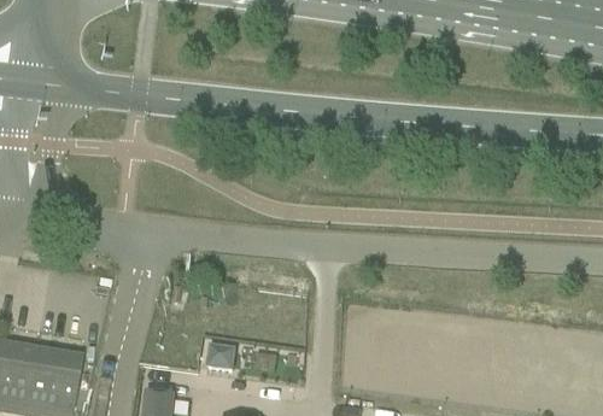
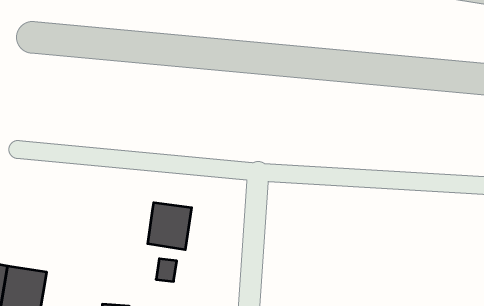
building: none -> [148,203,192,250]

